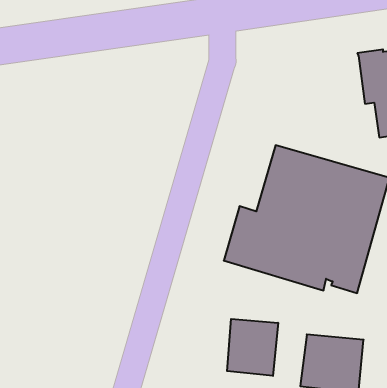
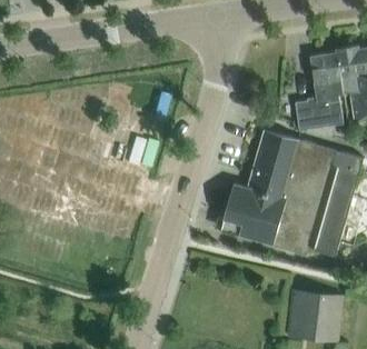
building: none -> [295,51,343,127]
building: [227,319,278,376] -> none

